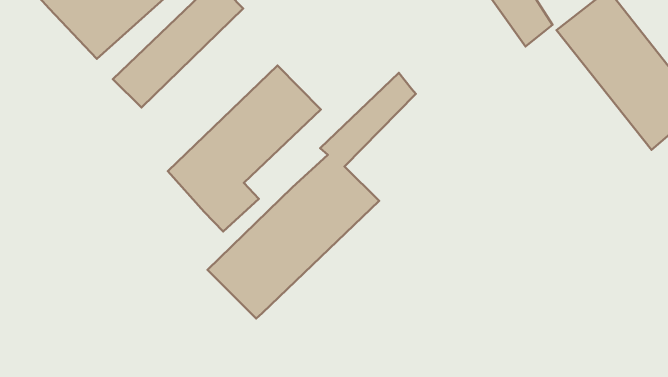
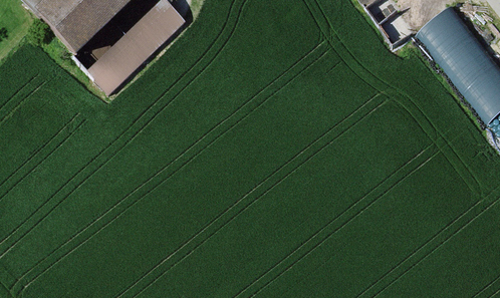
building: [168,65,321,232] -> none
building: [207,73,416,318] -> none

